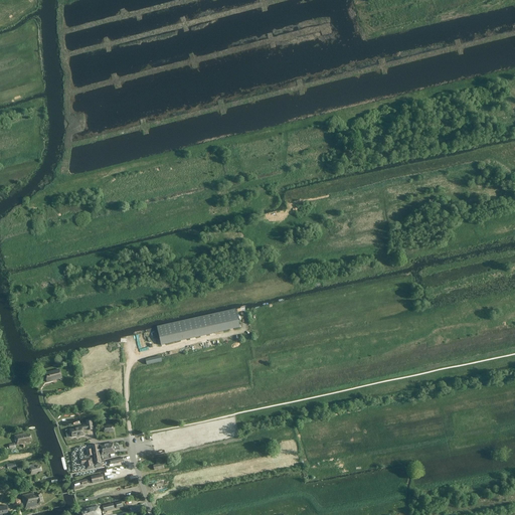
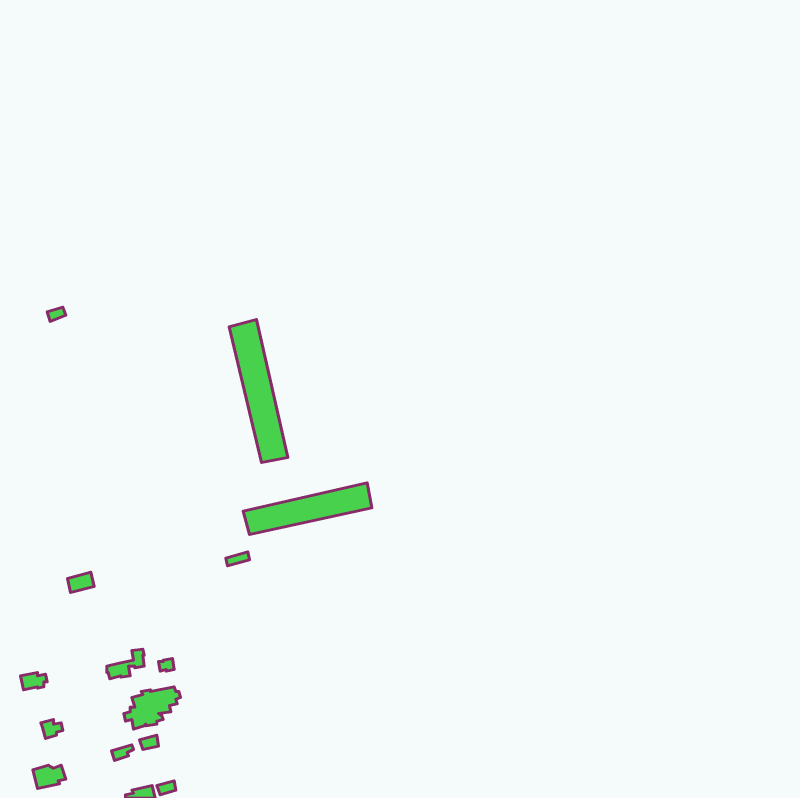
building: none -> [229,319,288,462]

